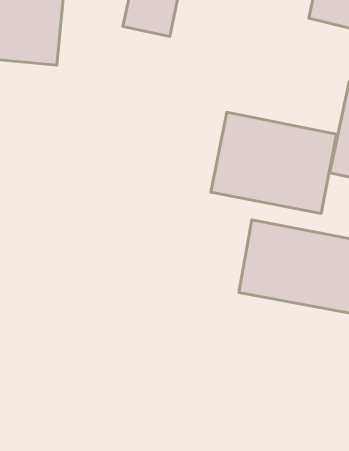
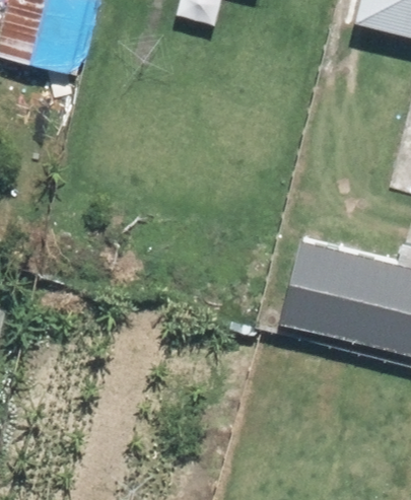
building: [211,112,336,213] -> none

